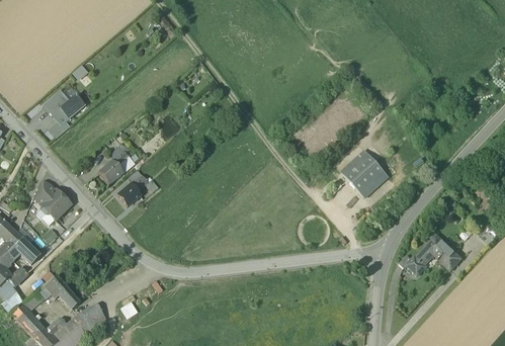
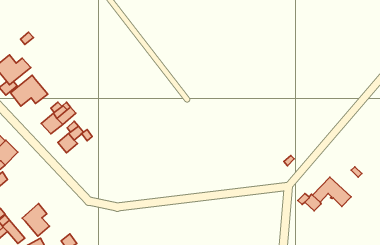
building: none -> [10,75,48,106]
building: [341,149,387,195] -> none
building: none -> [22,204,49,236]

